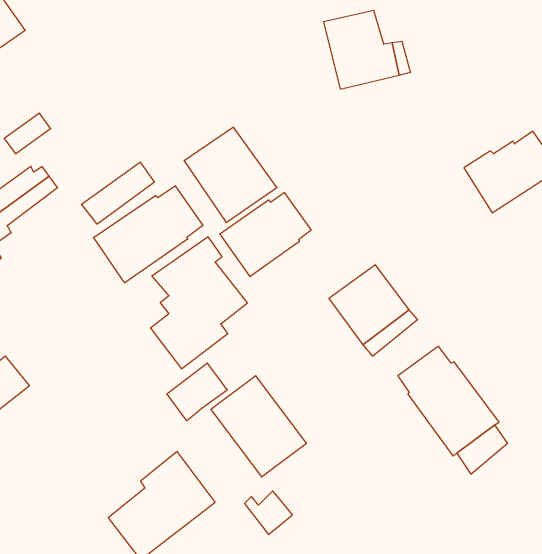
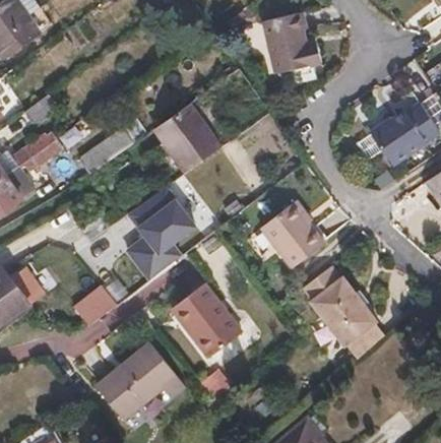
building: [93,186,203,283] -> none
building: [220,193,311,277] -> none
building: [167,363,227,421] -> [73,287,117,328]

